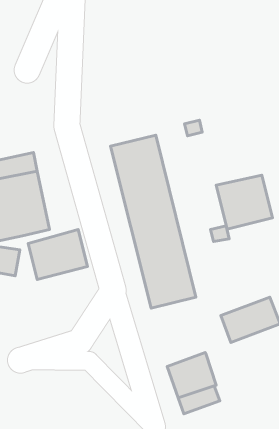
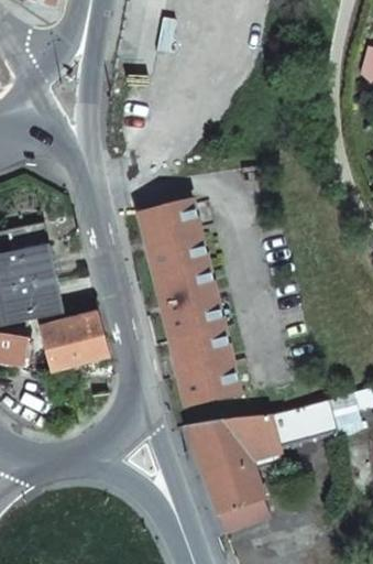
building: [216,175,273,229] -> none
building: none -> [186,415,281,476]

